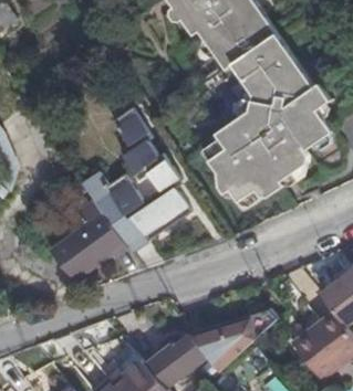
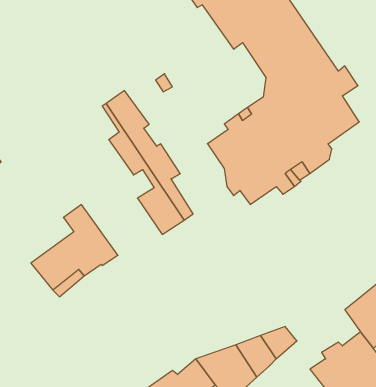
building: [82,172,163,240] -> none

